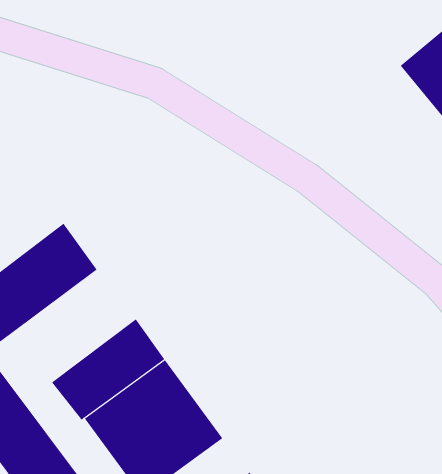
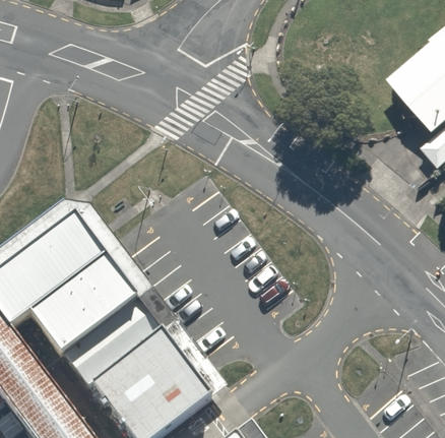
building: none -> [30,251,140,353]

